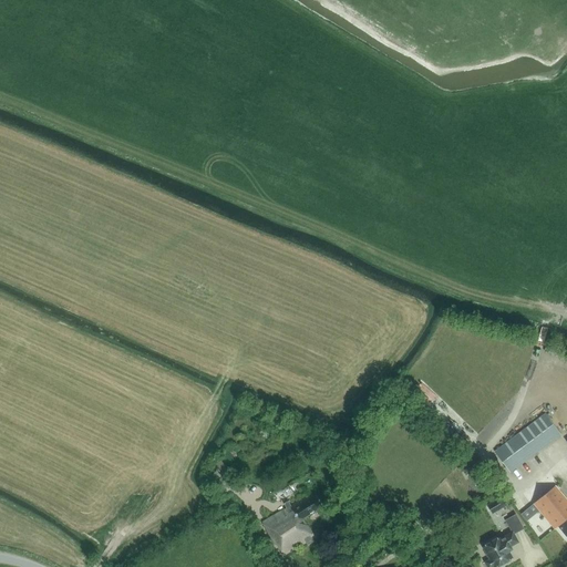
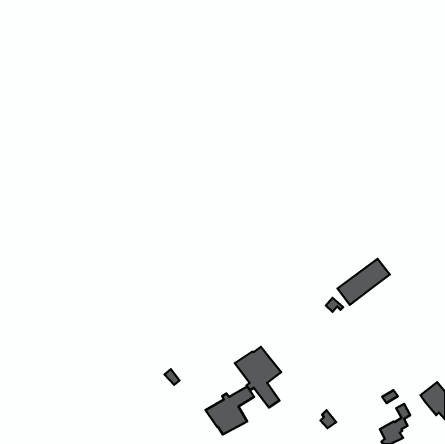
building: [495,413,561,472] -> [338,259,390,305]
building: none -> [235,347,281,408]

